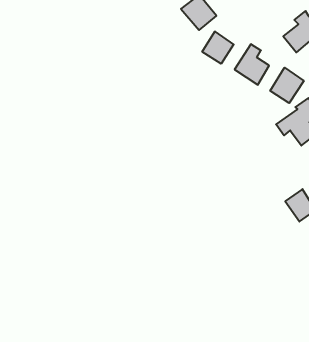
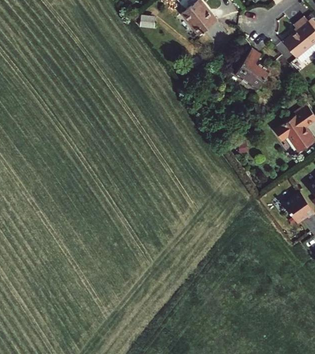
building: [202,31,234,64] -> none
building: [270,68,304,103] -> none

